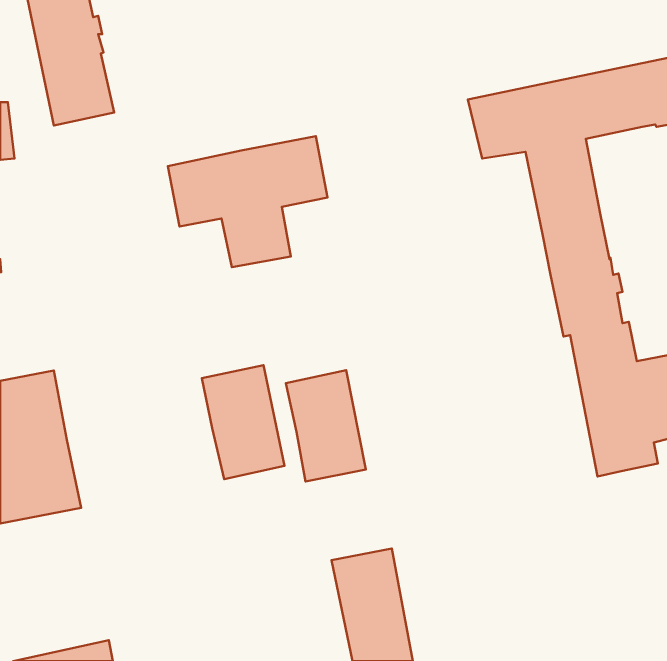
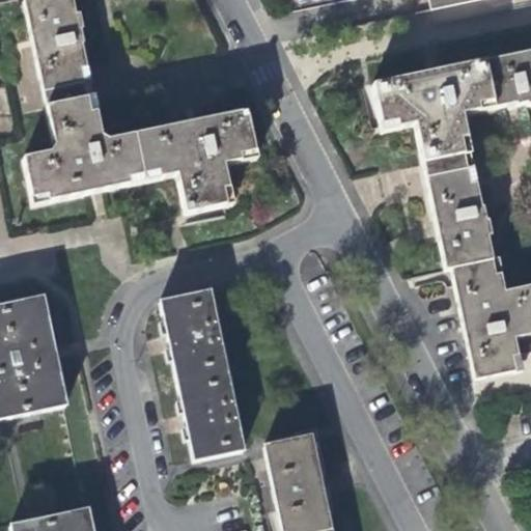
building: none -> [27,89,144,201]
building: [286,370,366,481] -> [179,369,243,457]

